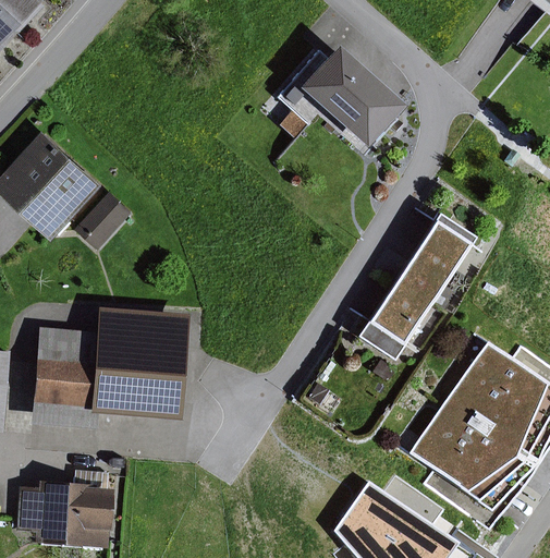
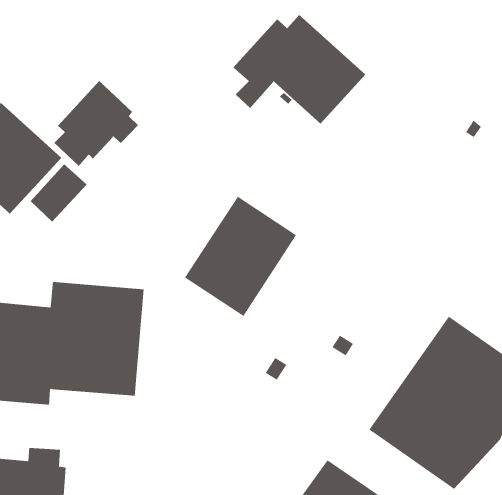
building: none -> [53,80,139,167]
building: [358,213,477,361] -> none
building: none -> [184,196,297,317]

